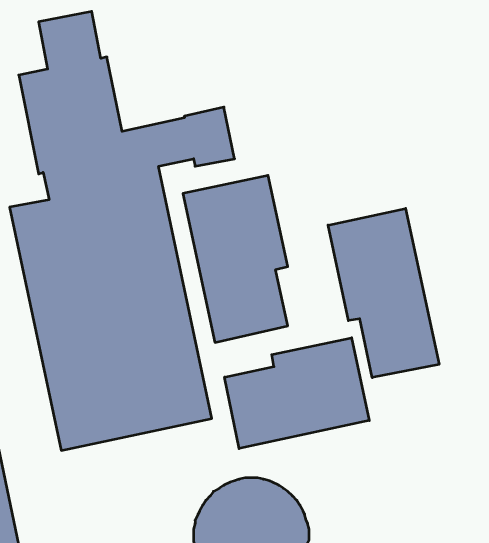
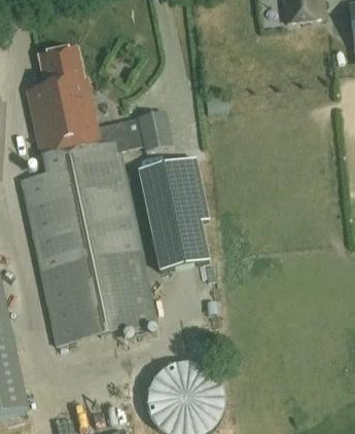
building: [328,208,439,378] -> none
building: [225,338,369,449] -> none

